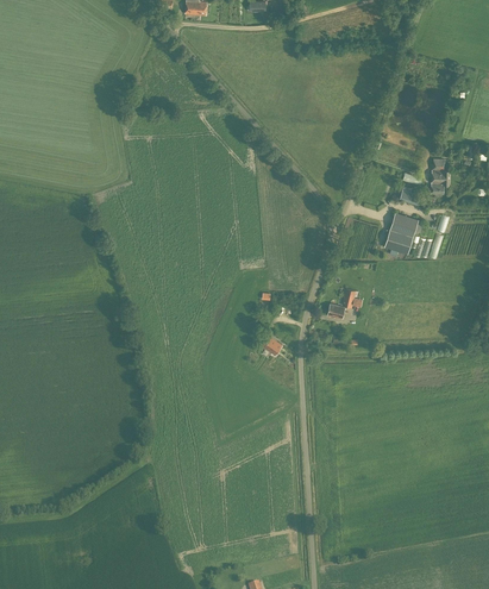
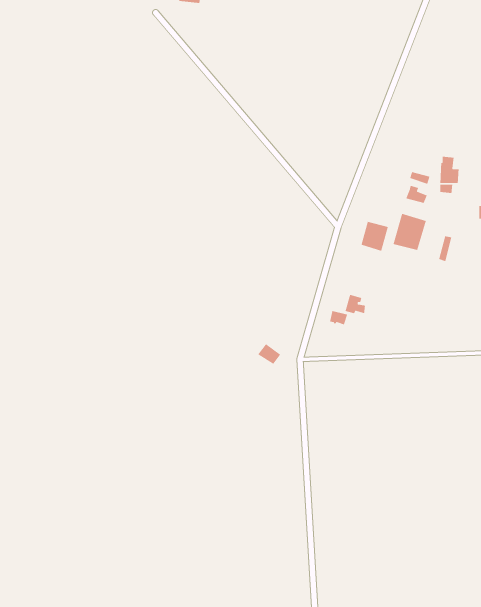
building: none -> [361,221,389,252]

